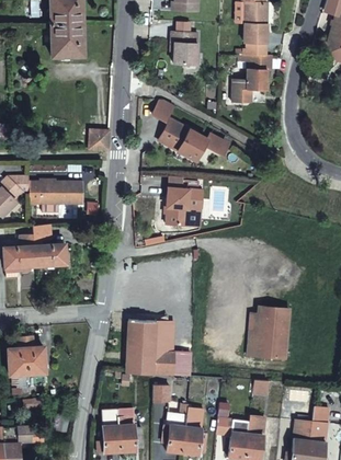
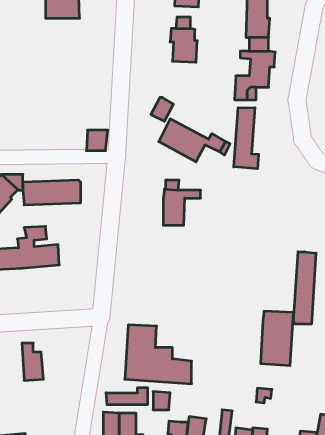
building: [49,23,82,57] -> none
building: none -> [234,108,259,169]
building: none -> [294,252,316,324]
building: [10,337,29,375] -> none
building: none -> [106,388,147,405]

